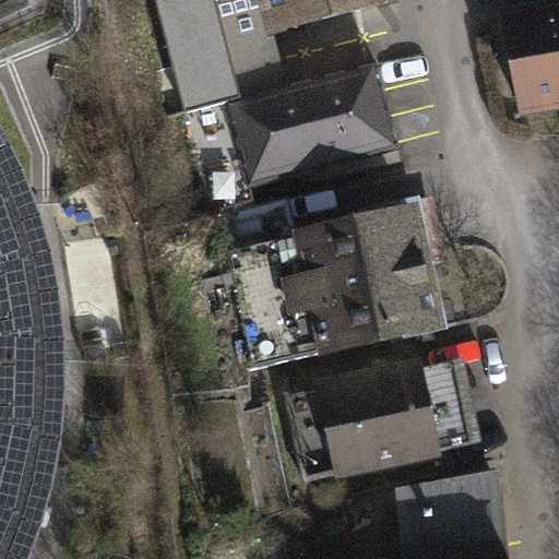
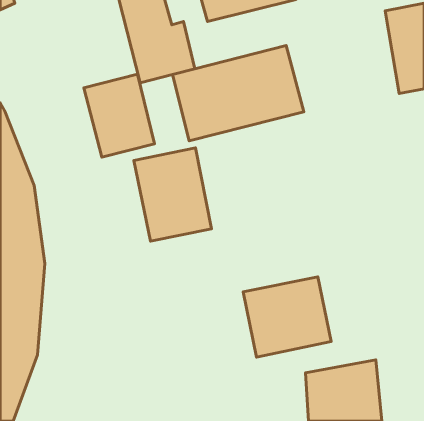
building: none -> [84,74,155,157]
building: none -> [134,148,211,241]
building: [298,197,436,350] -> none

